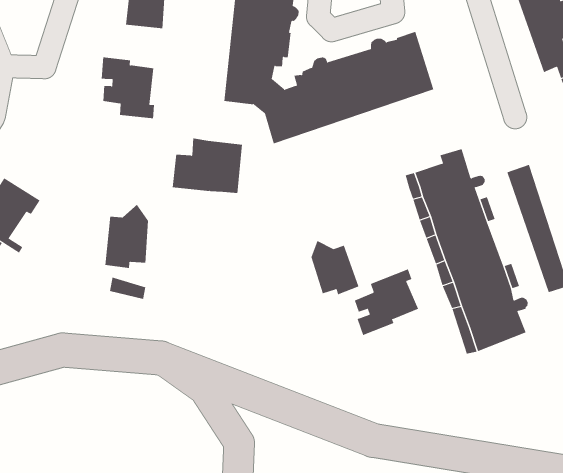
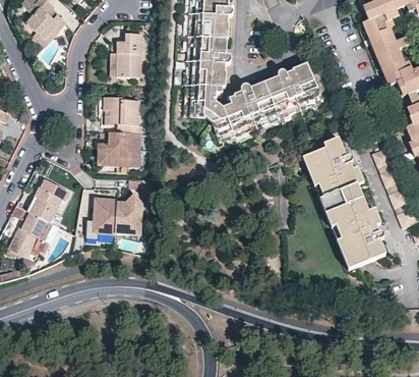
building: [172,138,243,193] -> [97,130,140,164]
building: none -> [86,197,116,237]
building: [311,240,359,295] -> none
building: [354,268,419,336] -> none

